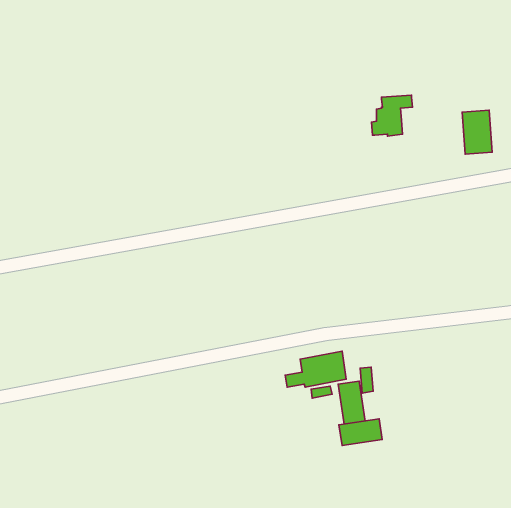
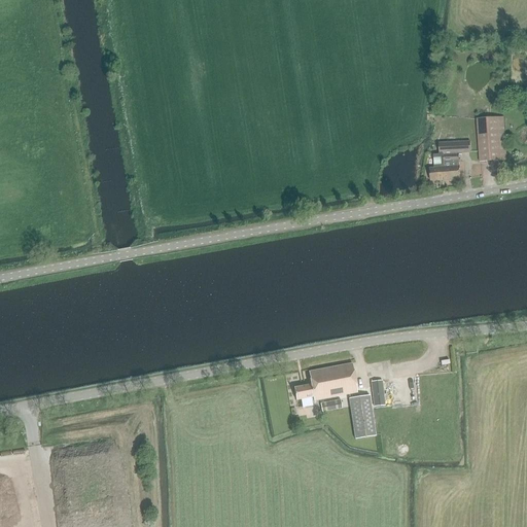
building: [372,95,413,136] -> [428,138,470,180]
building: [339,419,382,446] -> none

